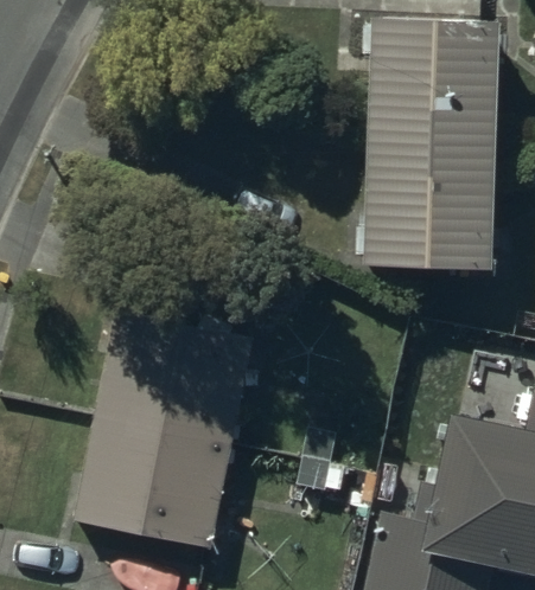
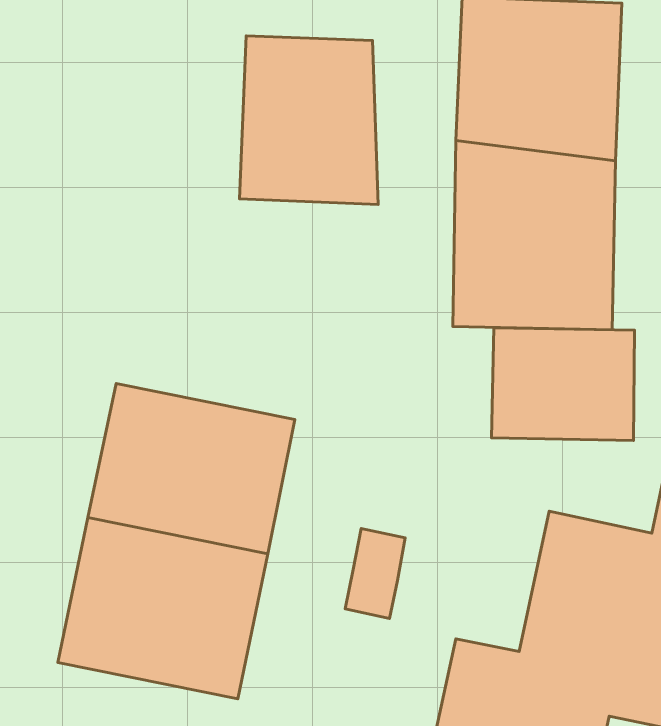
building: none -> [240,36,378,205]
building: none -> [492,328,634,440]

